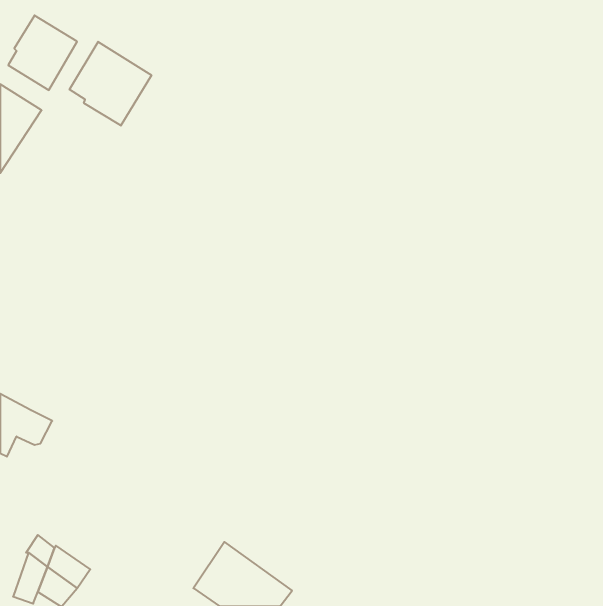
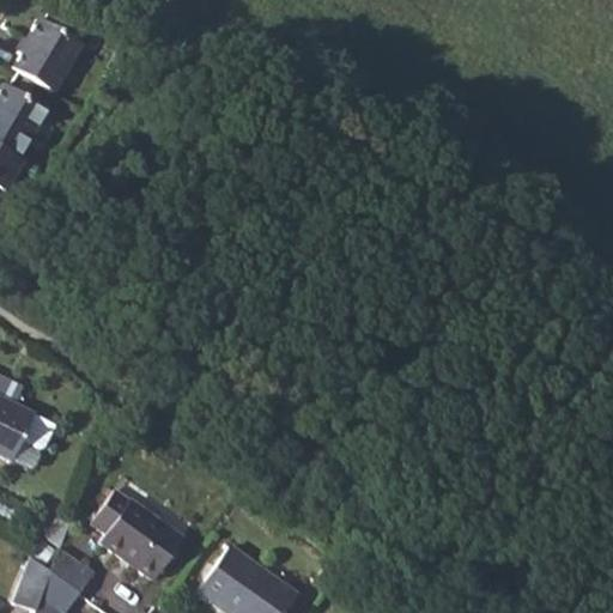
building: [70,42,151,126] -> none
building: none -> [91,490,183,581]

